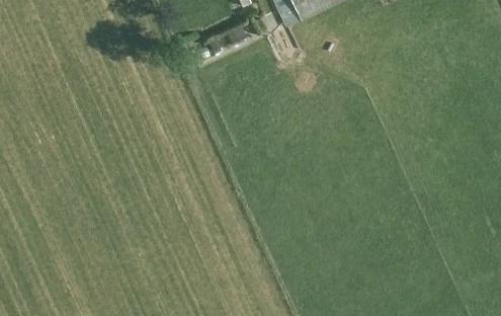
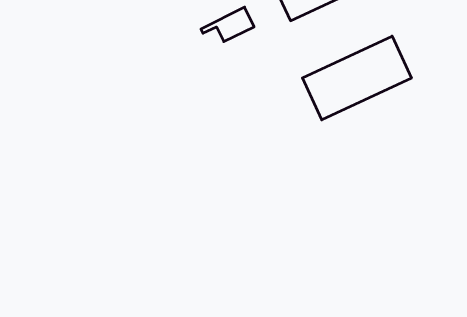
building: none -> [302,36,411,120]

